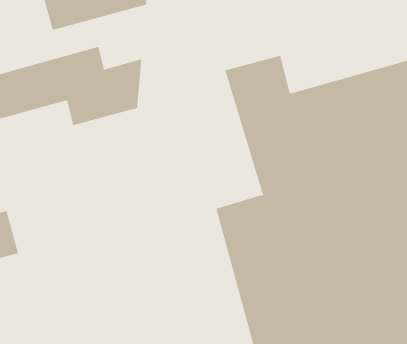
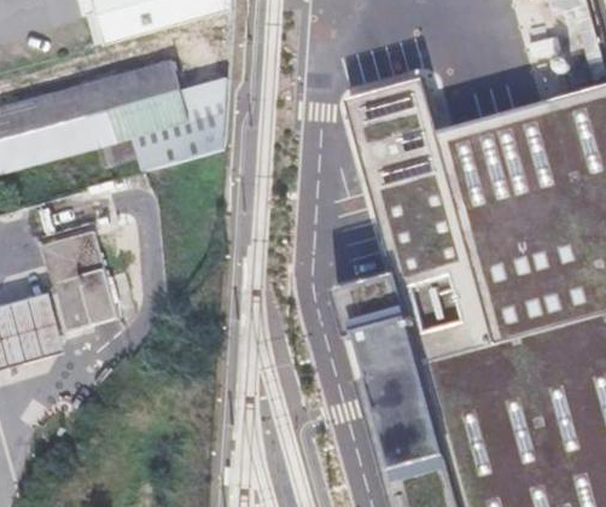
building: none -> [41,225,118,331]

